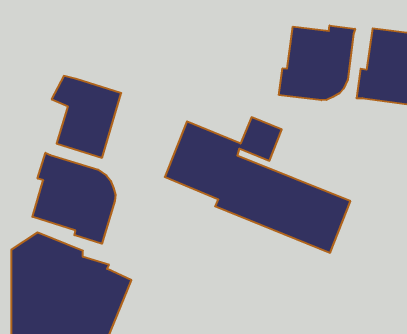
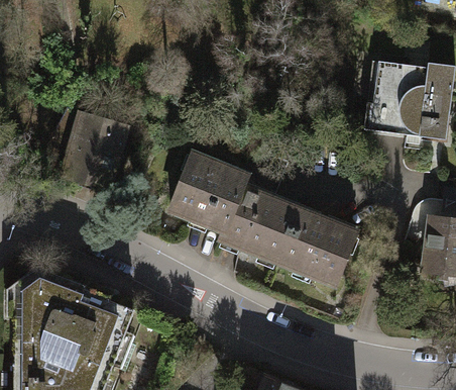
building: [279,25,355,100] -> none
building: [32,153,115,244] -> none

